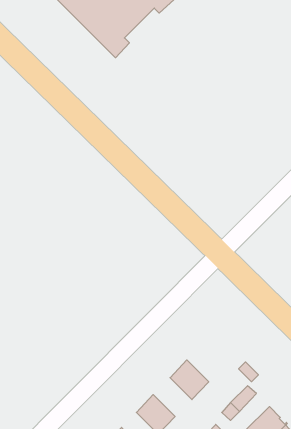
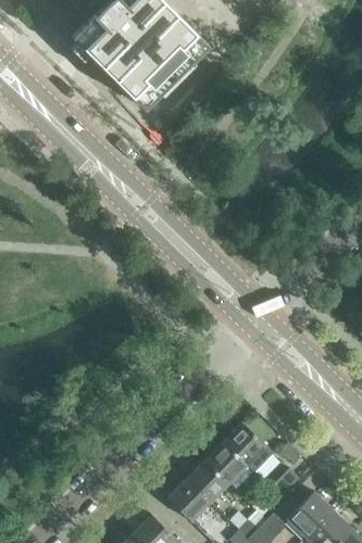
building: none -> [224,424,275,473]
building: none -> [187,462,229,504]

